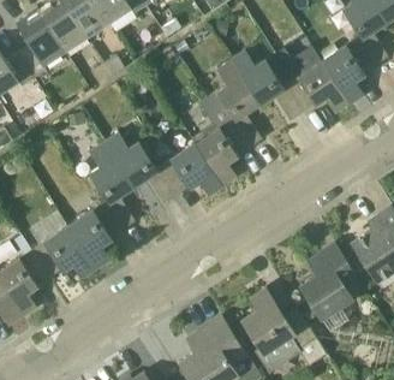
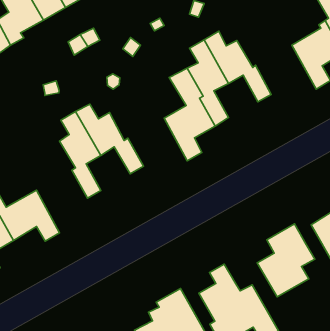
building: [264,46,348,113] -> none
building: [159,144,221,196] -> none
building: [68,203,121,268] -> none

